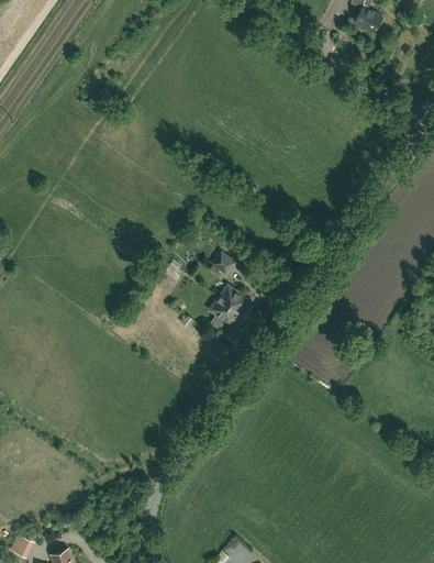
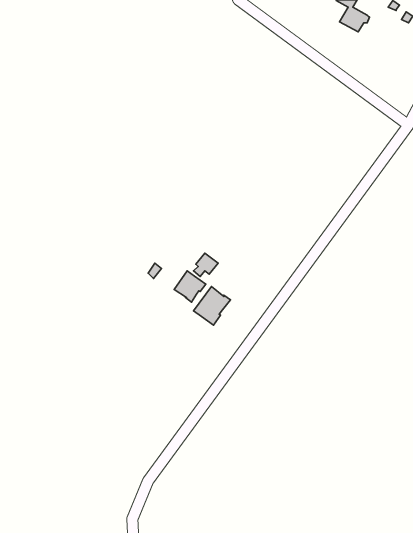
building: none -> [174,271,206,302]

